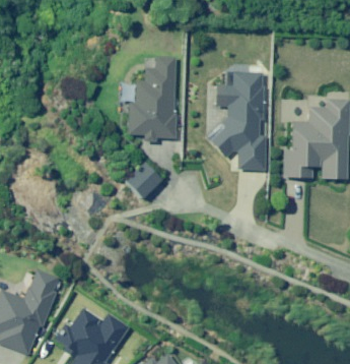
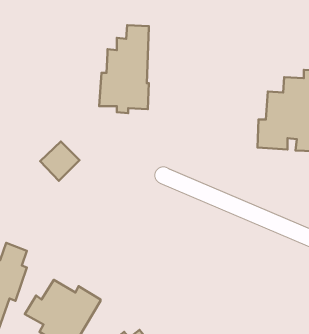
building: [207,72,268,171] -> none
building: [125,160,163,198] -> [40,141,80,181]

